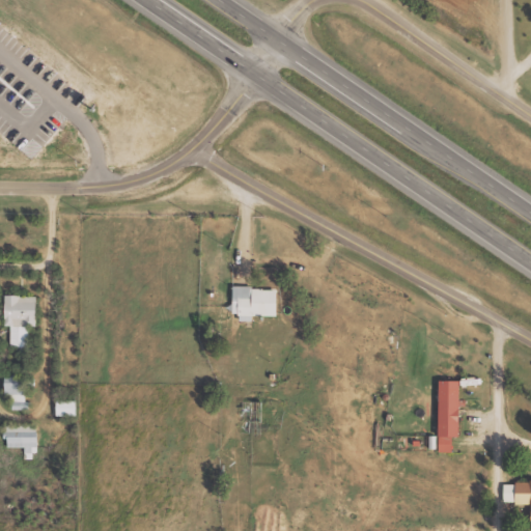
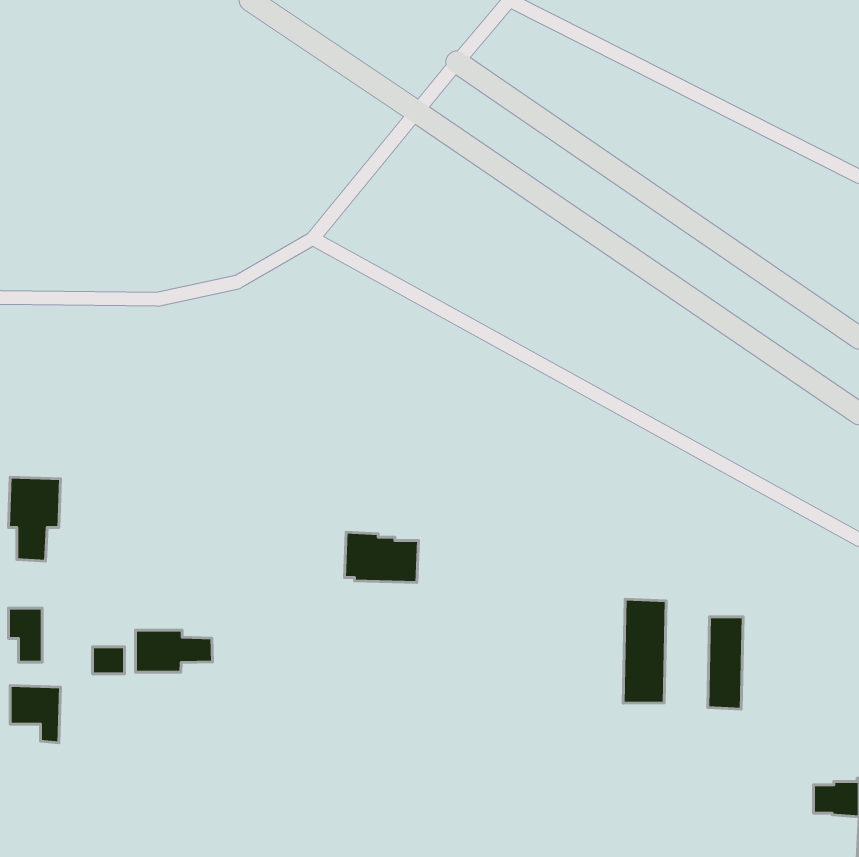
building: [230,286,276,317] -> [344,532,418,583]
building: none -> [623,599,666,703]
building: none -> [135,630,212,672]

